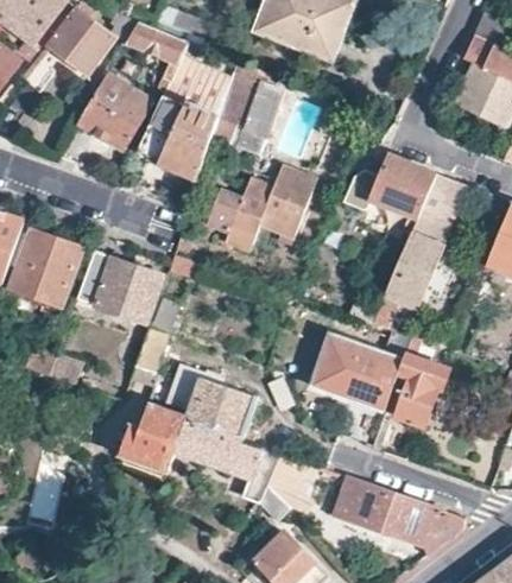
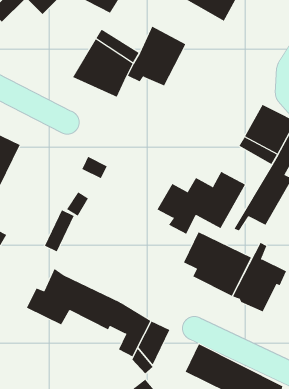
building: [76,82,152,157] -> none
building: [207,165,318,253] -> [156,171,246,234]
building: [76,251,160,322] -> none
building: [162,365,252,436] -> none

